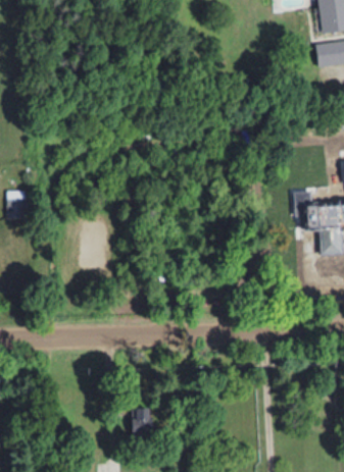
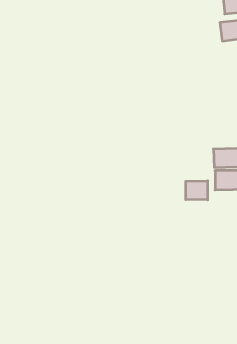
building: none -> [186,181,208,200]
building: [133,410,155,444] -> none

